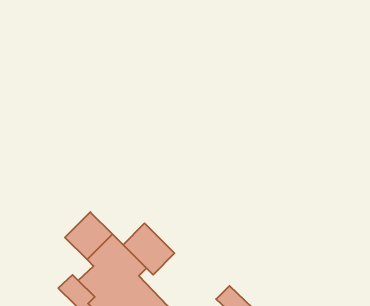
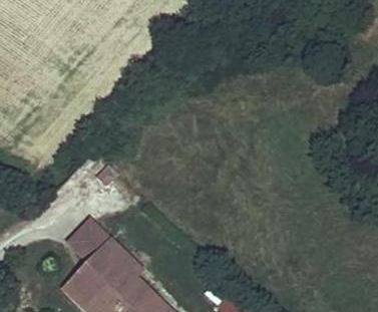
building: [123,223,174,275] -> none

